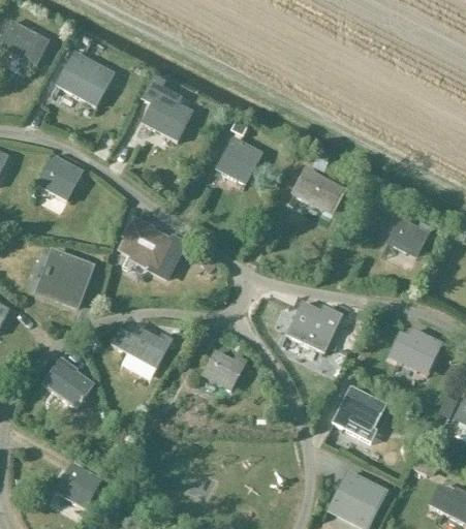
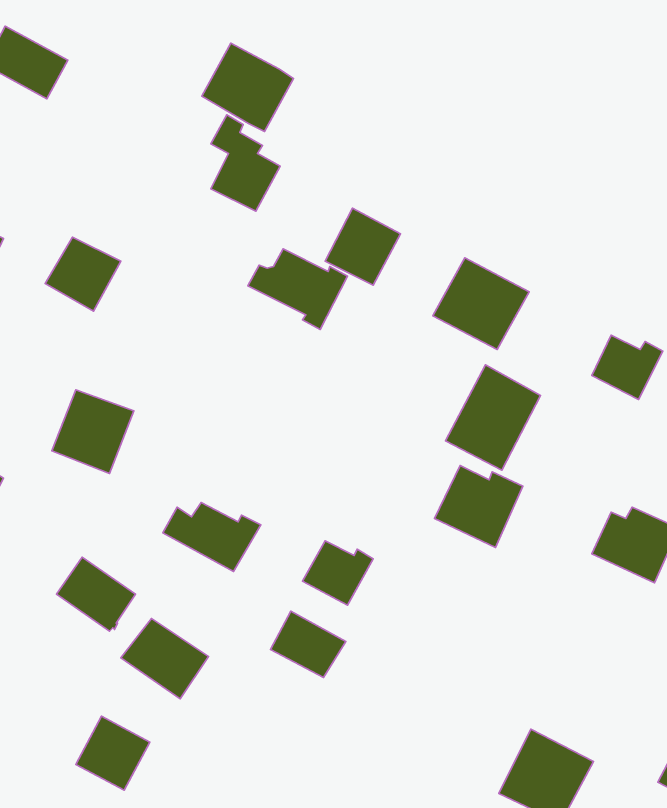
building: [55,50,114,106] -> [202,43,293,132]
building: [120,225,184,277] -> [248,249,348,329]
building: none -> [445,365,540,470]
building: [332,386,386,441] -> none
building: none -> [270,611,346,677]
building: none -> [121,618,209,699]

